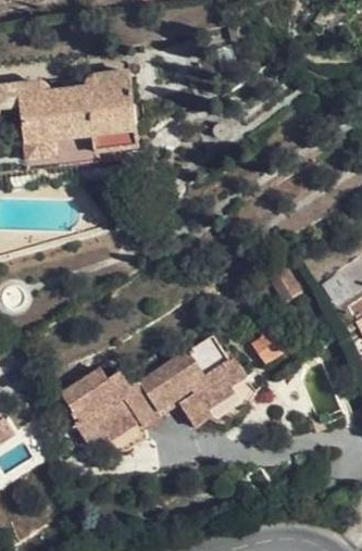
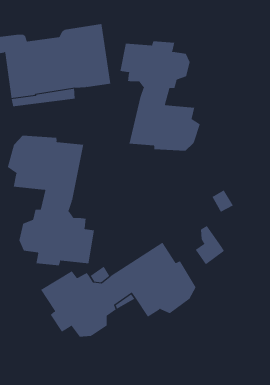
building: none -> [120,41,200,152]
building: none -> [7,135,95,266]

